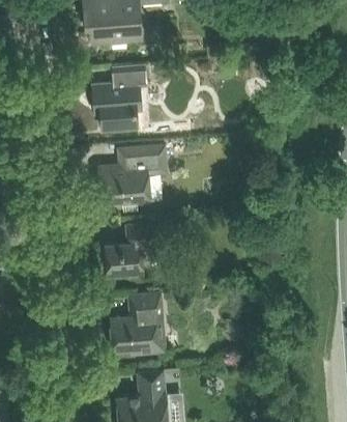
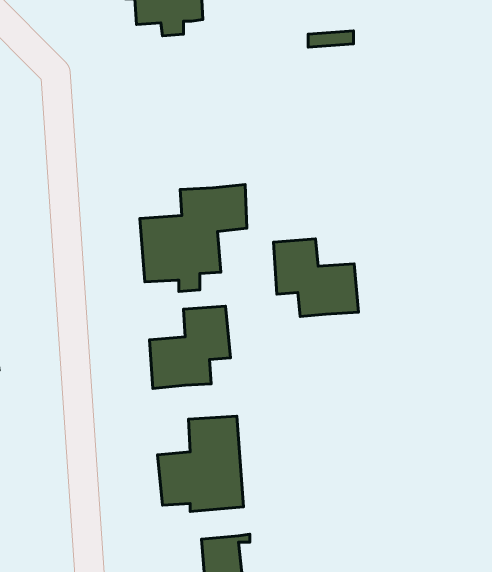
building: [92,62,146,129] -> none
building: none -> [274,239,358,317]

